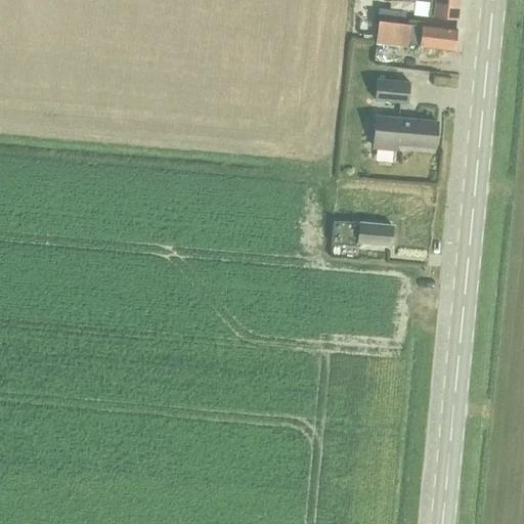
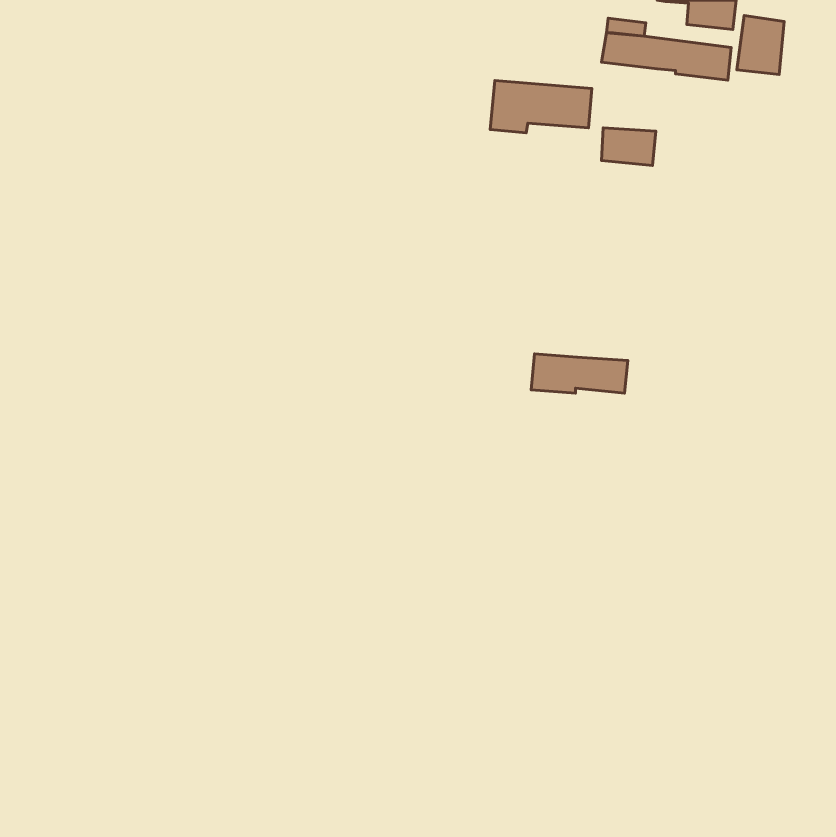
building: none -> [737,16,784,74]
building: [375,117,438,149] -> [490,80,592,133]

